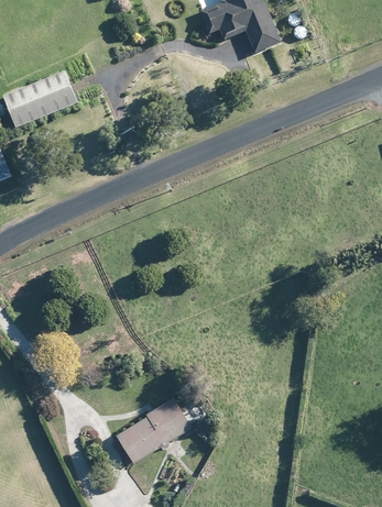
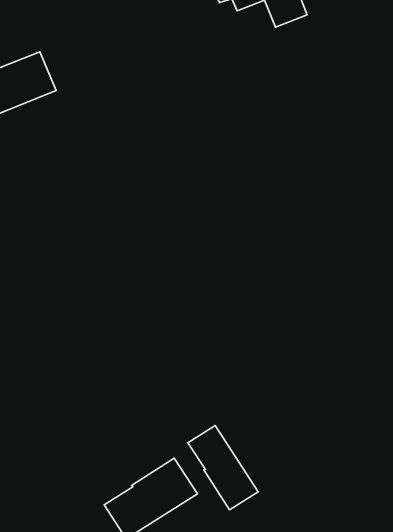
building: none -> [188,425,258,510]

